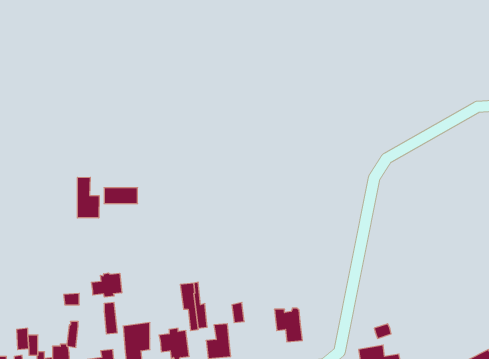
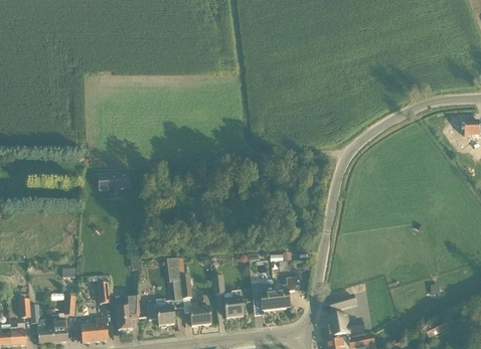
building: [77,177,99,218] -> none
building: [91,273,122,297] -> none
building: none -> [274,277,297,310]
building: none -> [223,291,243,318]

